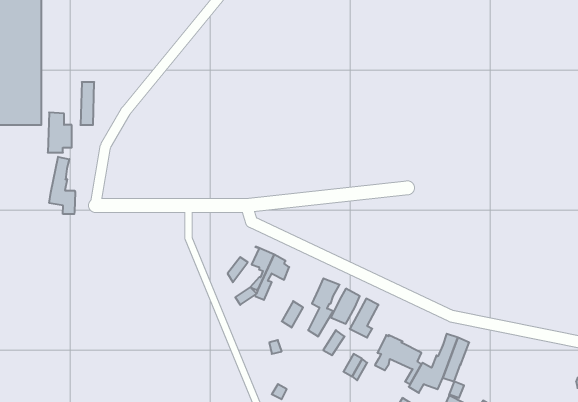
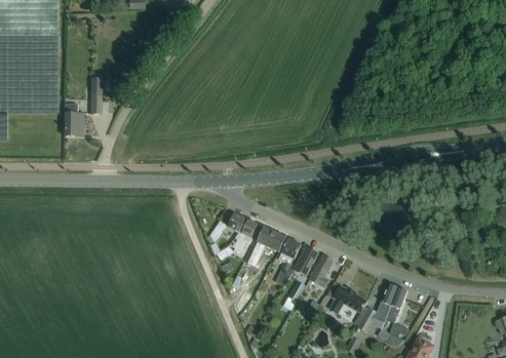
building: [49,157,75,214] -> none
building: none -> [248,226,286,262]

